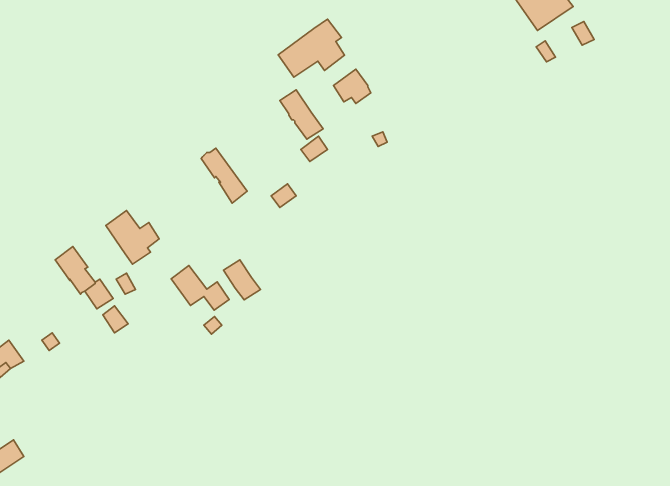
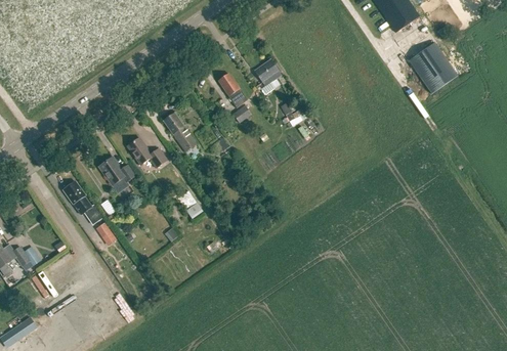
building: [278,19,344,77] -> none
building: none -> [409,42,458,93]
building: [171,265,229,310] -> [127,136,167,167]

